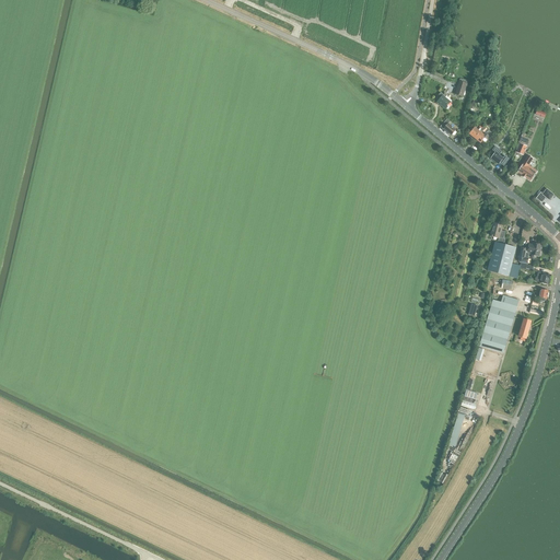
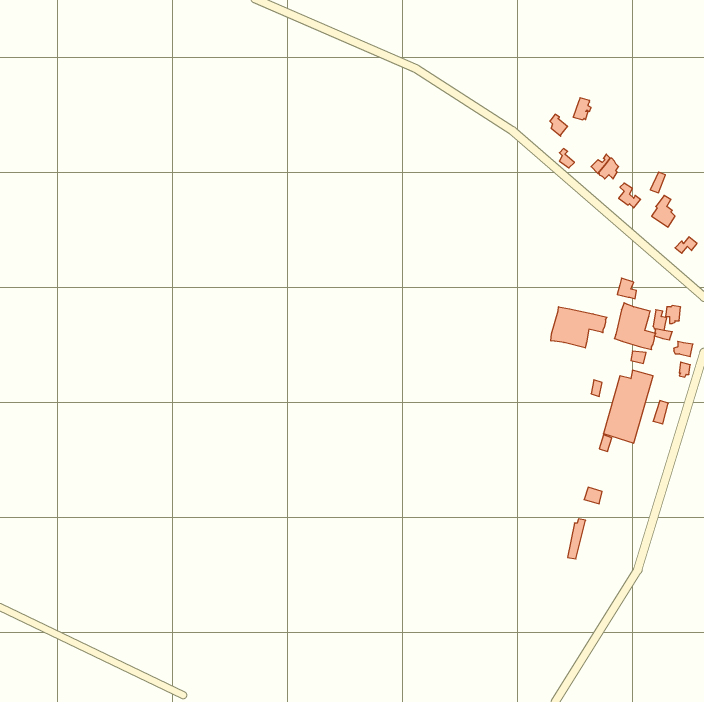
building: none -> [551,307,607,348]

